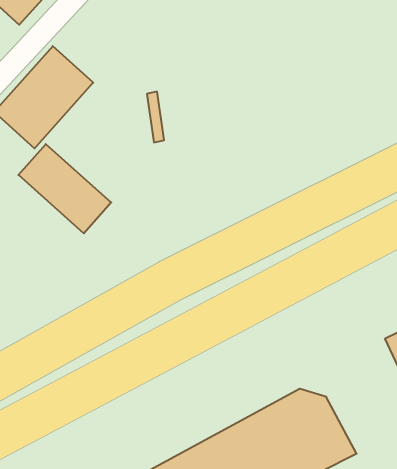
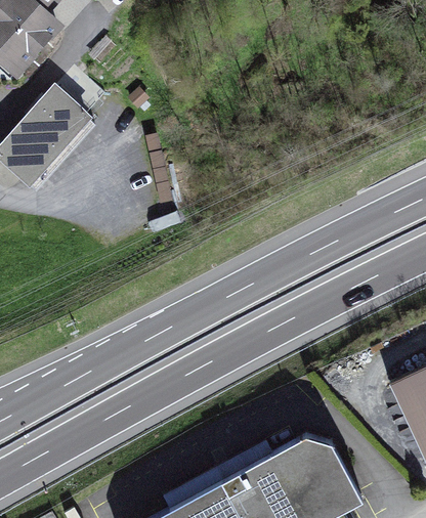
building: [18,144,111,233] -> none

